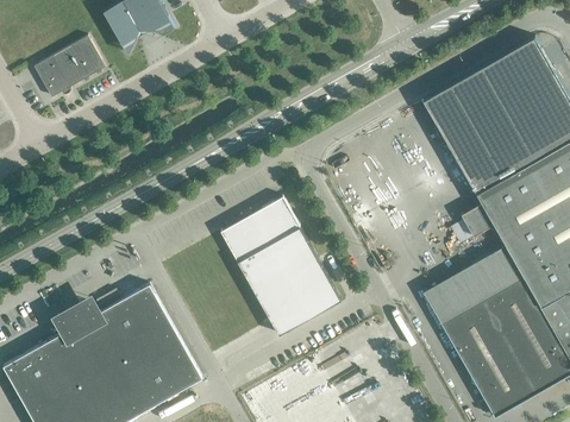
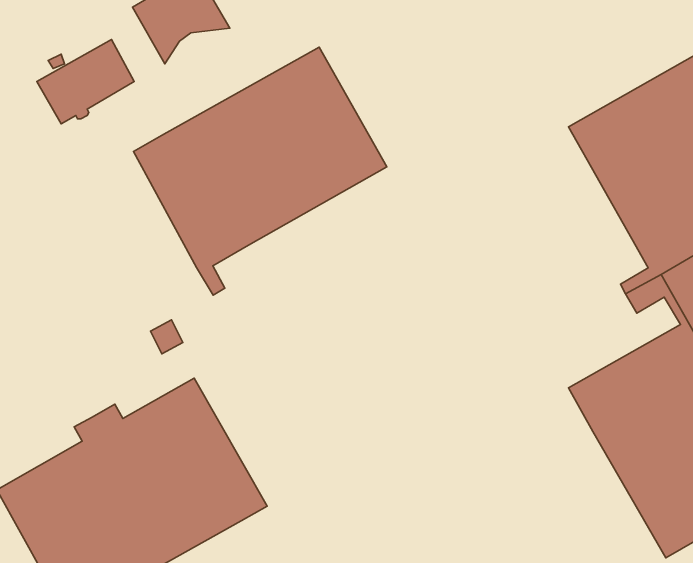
building: none -> [133,47,387,295]
building: [219,197,339,335] -> none

